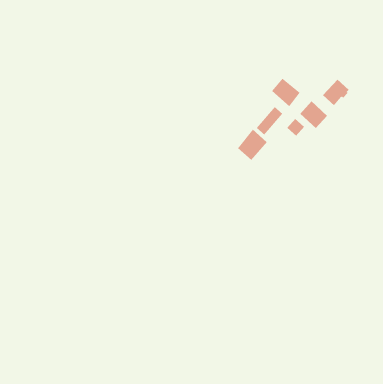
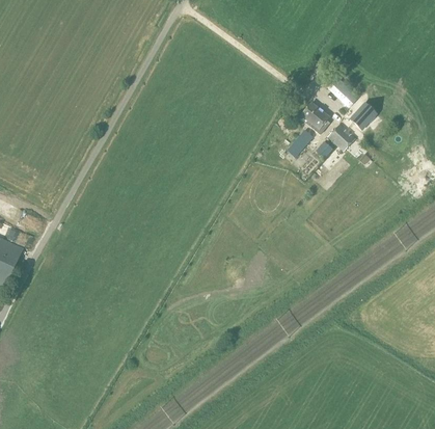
building: none -> [327,77,359,109]
building: [237,129,267,161] -> none

